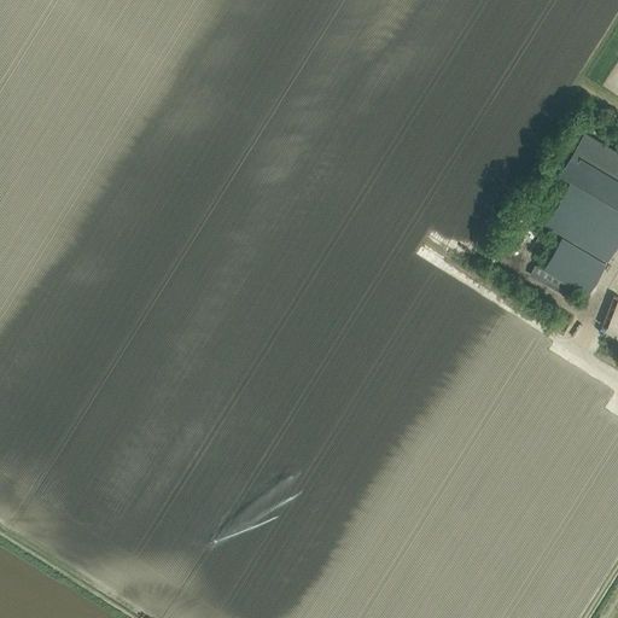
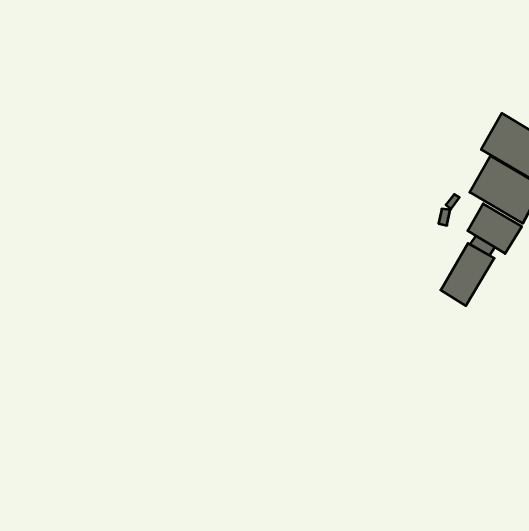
building: none -> [441,243,494,306]

